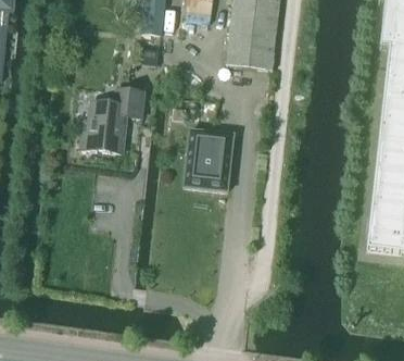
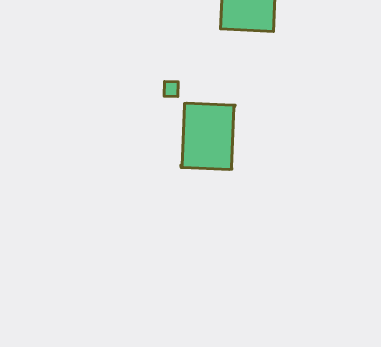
building: [79,87,142,153] -> none

